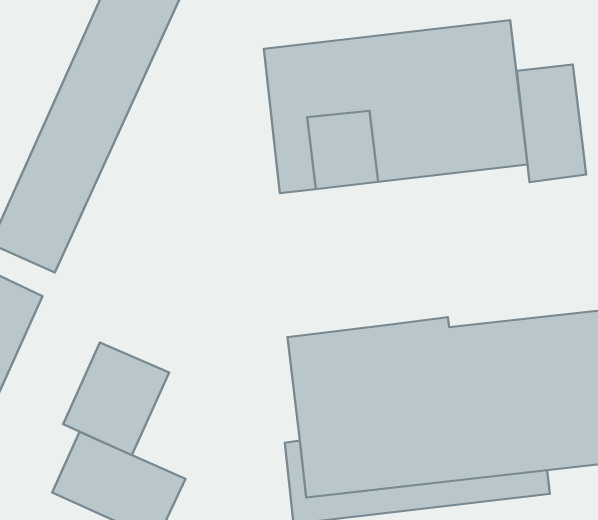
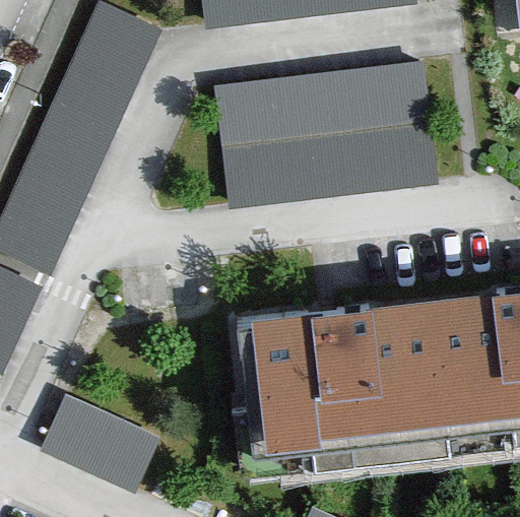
building: [517,64,586,182] -> none
building: [63,342,169,455] -> none

